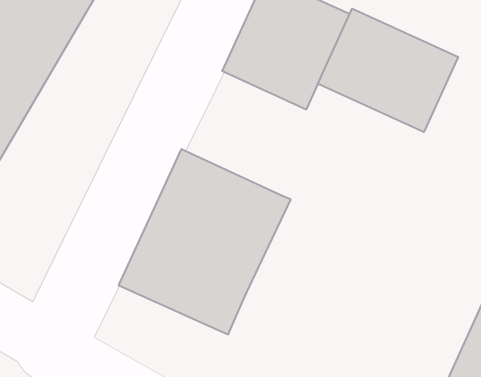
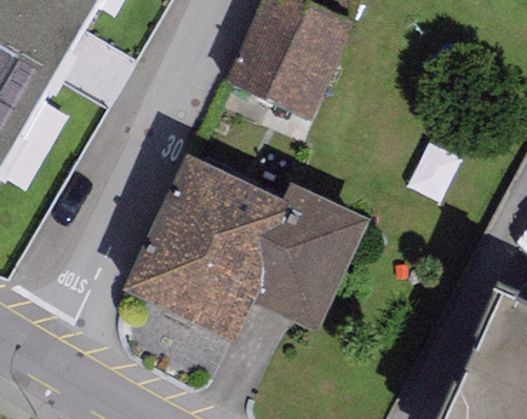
building: [318,9,458,132] -> none
building: none -> [250,183,370,332]

